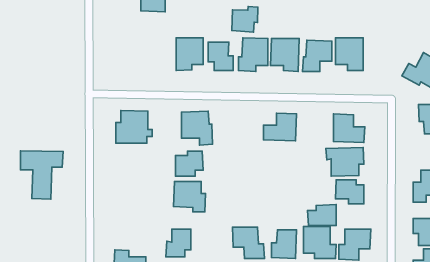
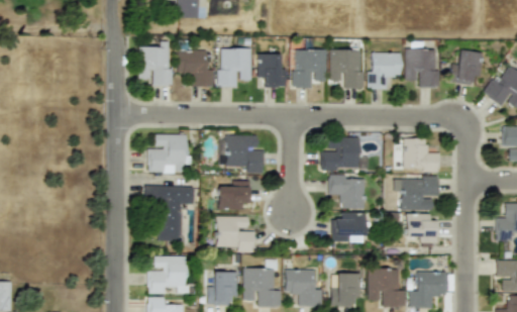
building: [232,7,258,32] -> none
building: none -> [139,47,171,86]
building: none -> [449,50,483,86]
building: none -> [177,51,213,87]
building: none -> [328,175,365,209]
building: [21,151,63,199] -> [144,186,194,242]
building: [308,205,336,225] -> [331,213,365,237]
building: none -> [147,256,186,294]
building: none -> [243,269,281,307]

